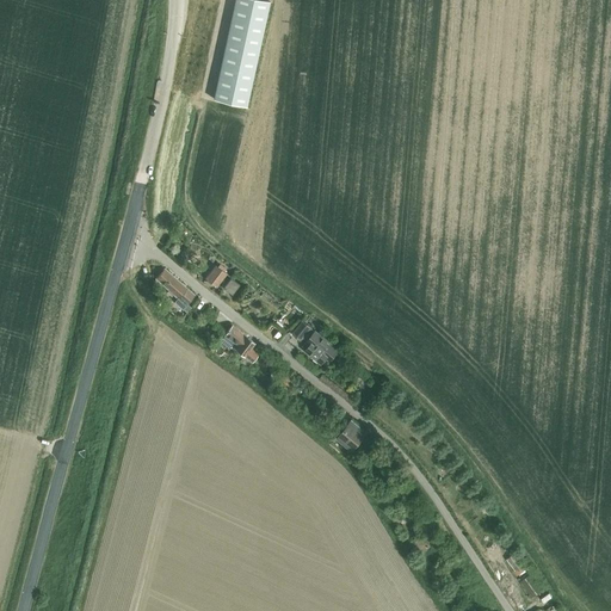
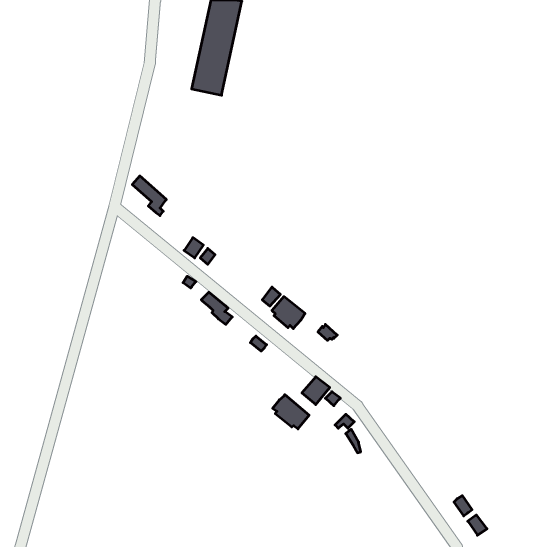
building: [156,269,195,313] -> [132,176,166,216]
building: none -> [273,395,309,429]

